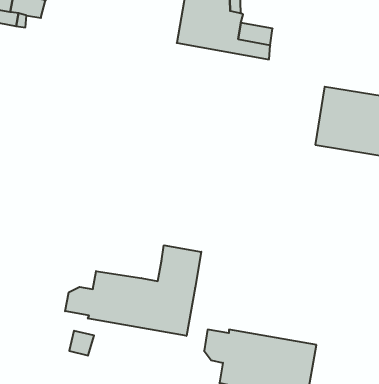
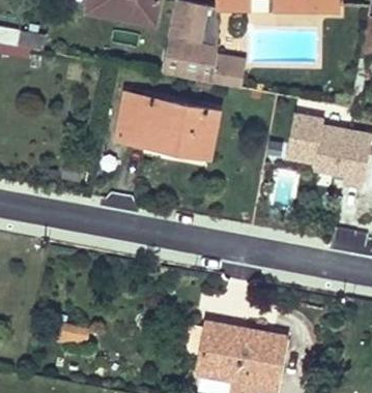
building: none -> [118,94,218,157]
building: [65,245,201,336] -> none

